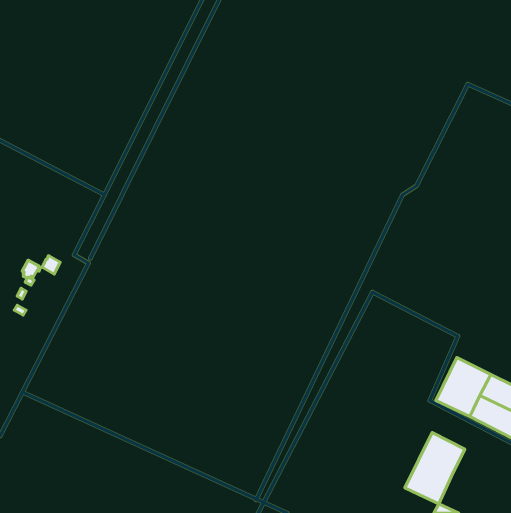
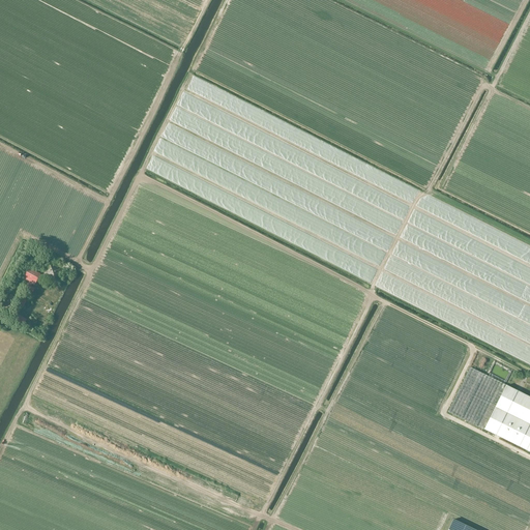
building: [405,432,465,504] -> none

